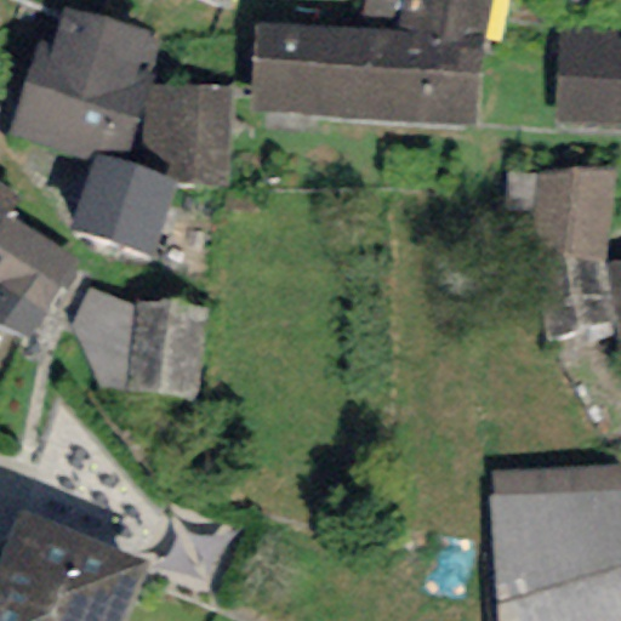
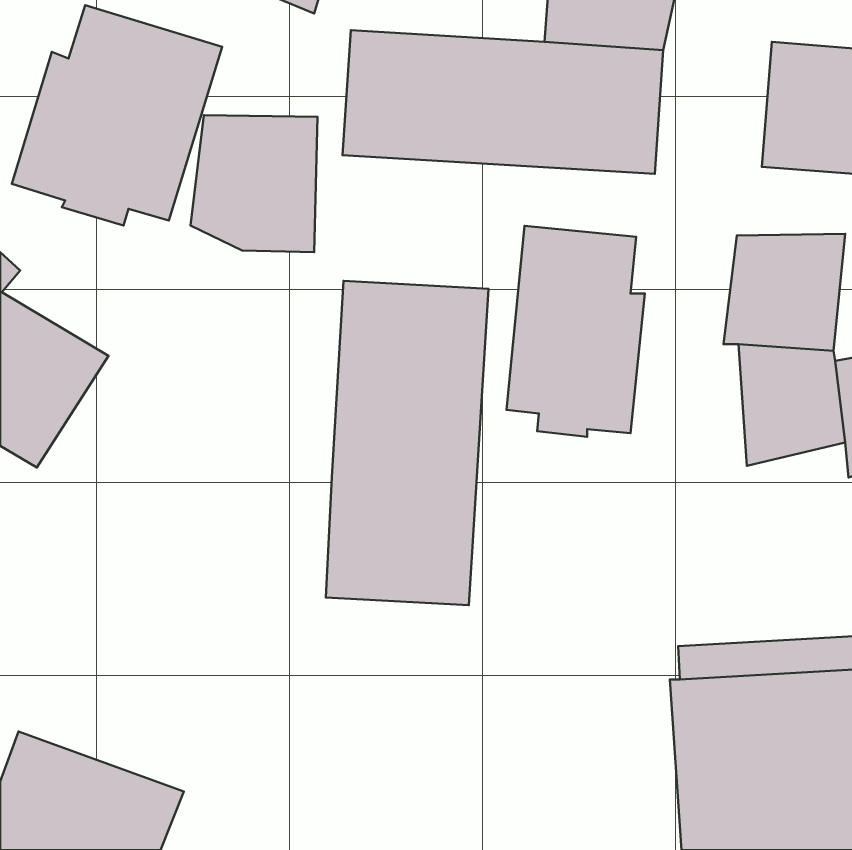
building: [67,152,177,253] -> none
building: none -> [507,226,645,437]
building: none -> [326,281,489,605]
building: [72,285,207,398] -> none

